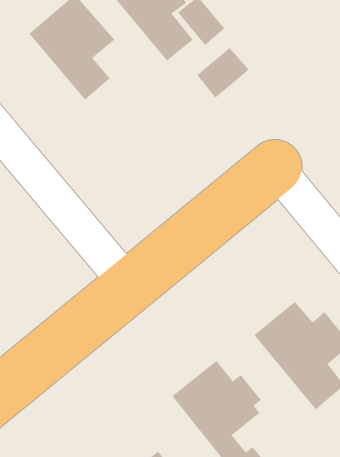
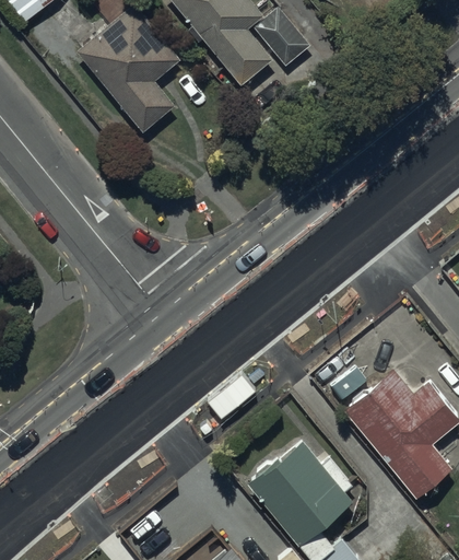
building: [197,47,250,98] -> none

